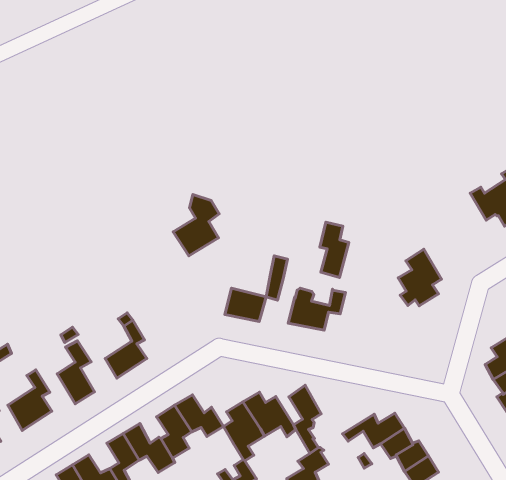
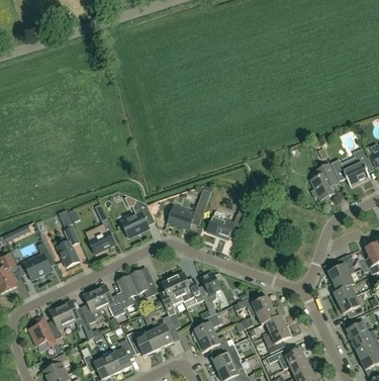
building: [173,195,219,256] -> [120,198,151,236]
building: [320,222,349,277] -> none
building: [398,249,442,306] -> [310,163,338,198]

